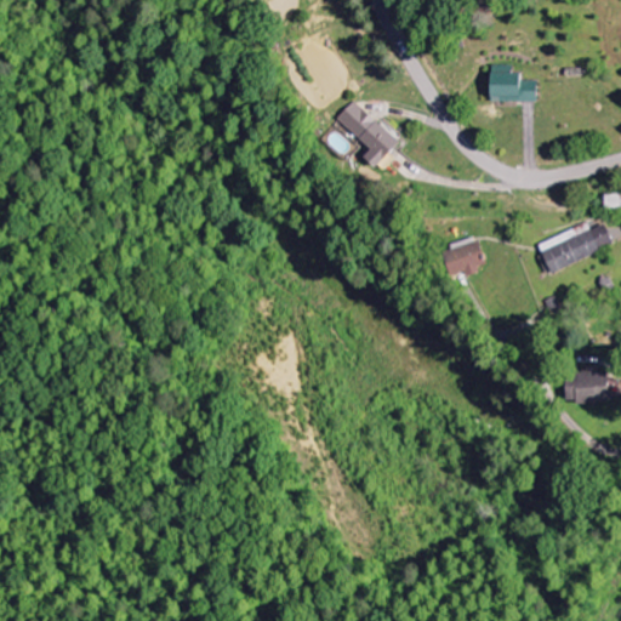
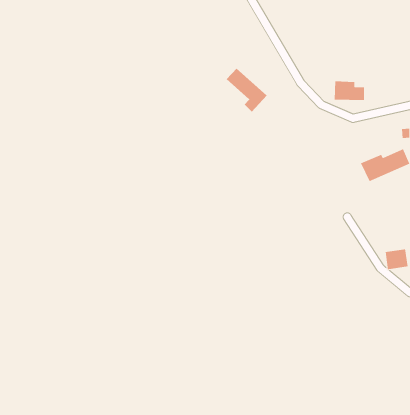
building: [488,70,534,99] -> [334,81,365,101]
building: [443,235,485,274] -> none

